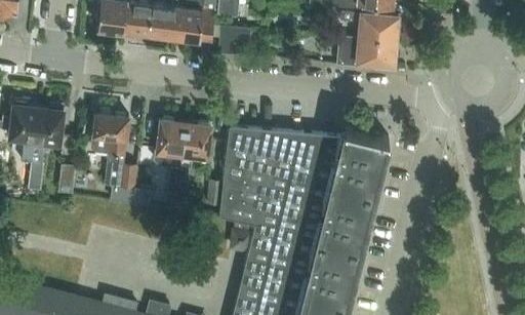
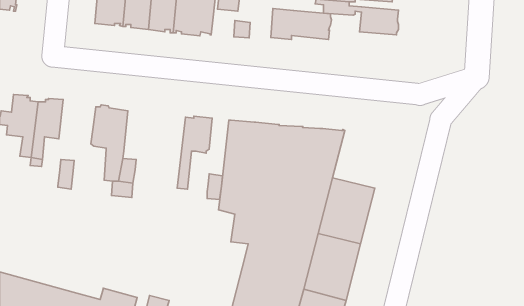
building: [336,36,397,67] -> [271,9,332,39]
building: [154,118,186,194] -> none
building: [332,128,389,194] -> none

